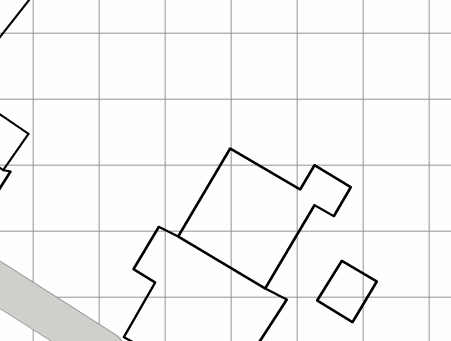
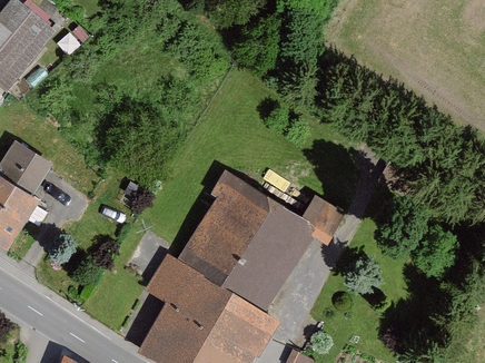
building: [317,261,377,322] -> none

